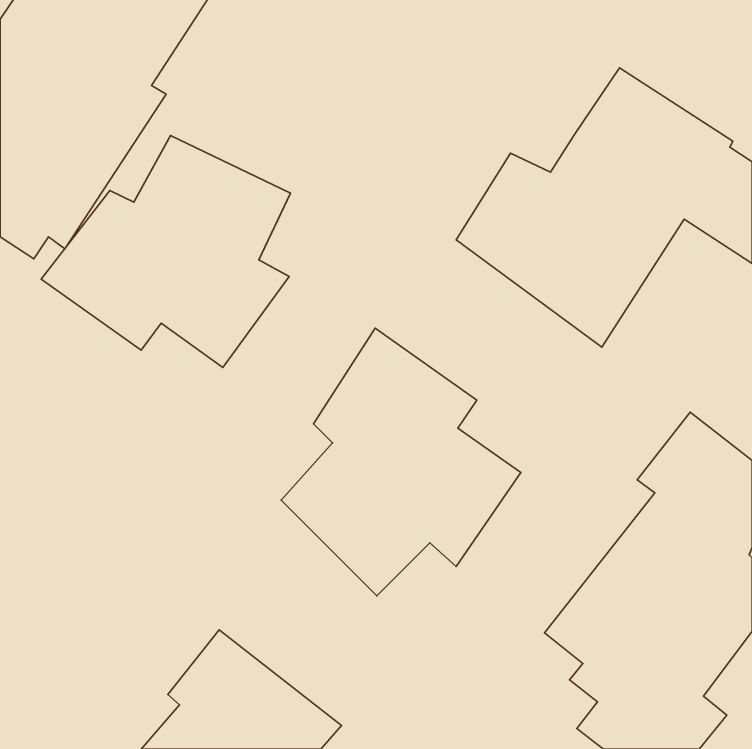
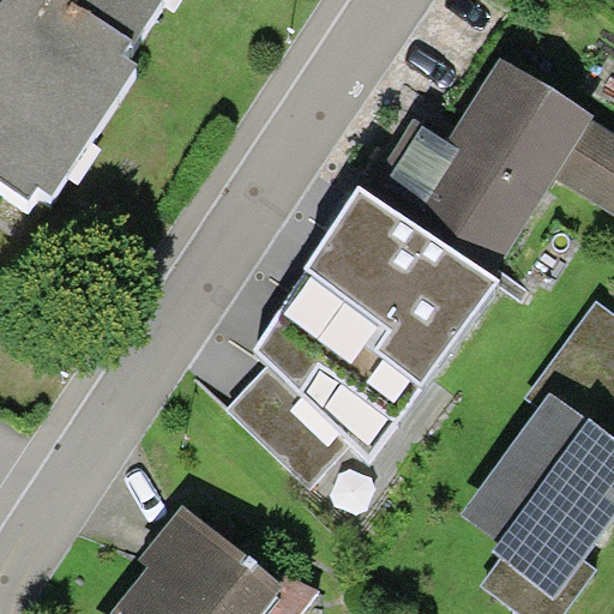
building: [41,135,291,368] -> none
building: none -> [306,188,496,385]

